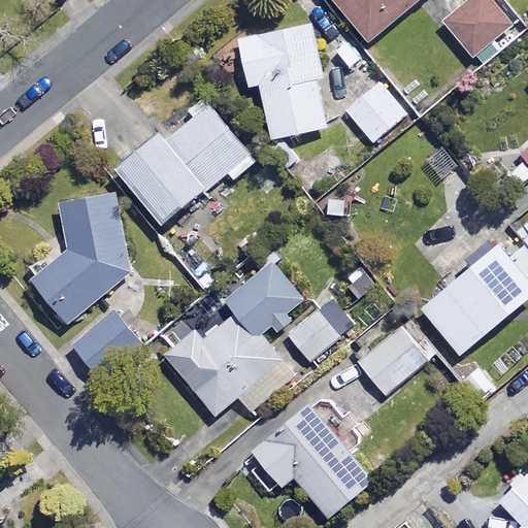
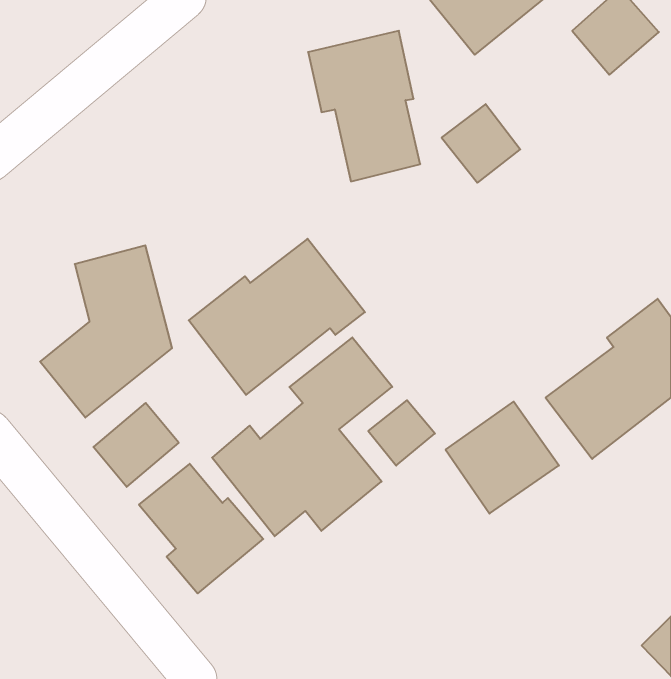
building: [118,104,254,225] -> [189,239,365,395]
building: none -> [139,464,263,593]
building: [254,399,376,517] -> none

